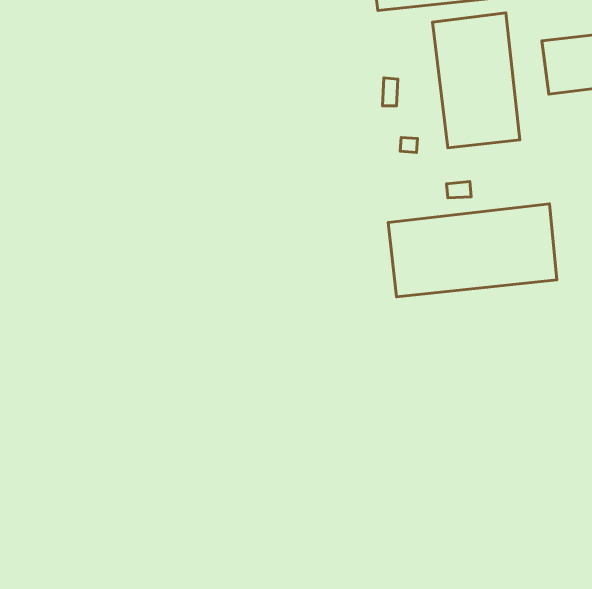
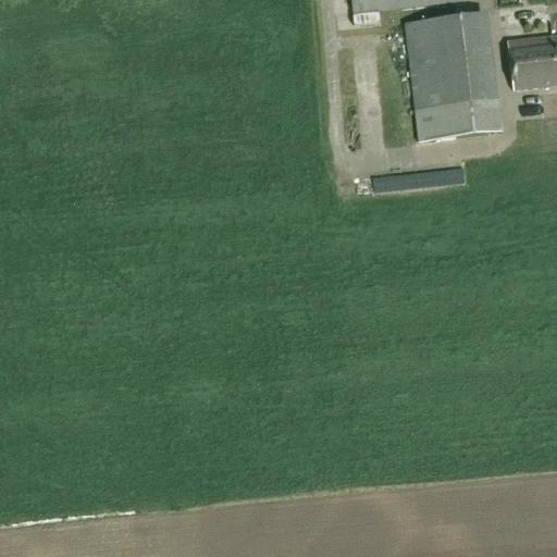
building: [388,204,557,297] -> none

